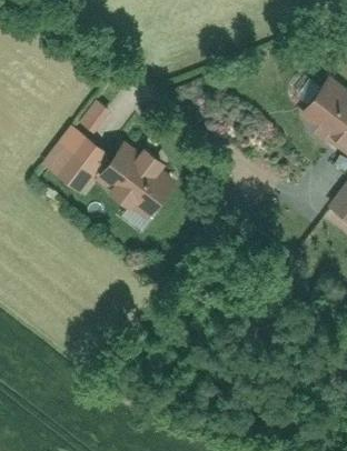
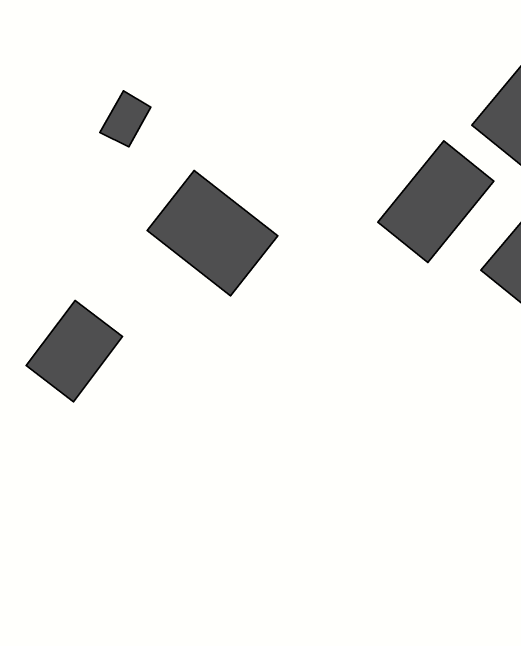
building: none -> [378,141,494,262]
building: [53,131,112,193] -> [26,300,122,402]

